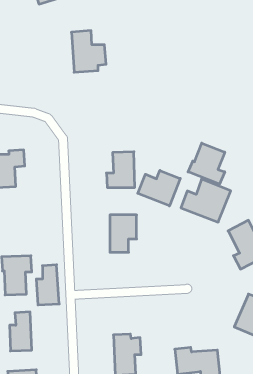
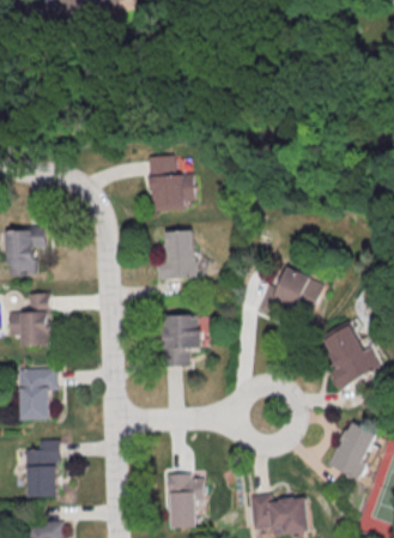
building: [71,31,106,72] -> [150,153,196,210]
building: [188,143,225,184] -> none
building: [138,170,180,206] -> none
building: [36,265,59,305] -> [19,294,50,347]

